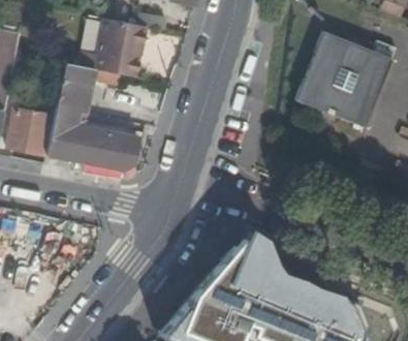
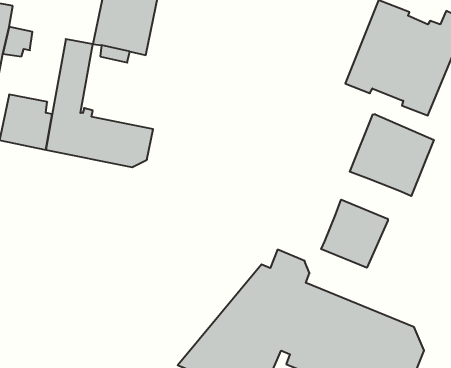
building: none -> [350,114,434,196]
building: none -> [321,200,388,268]

